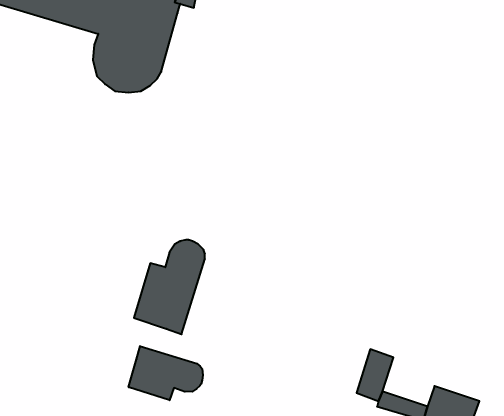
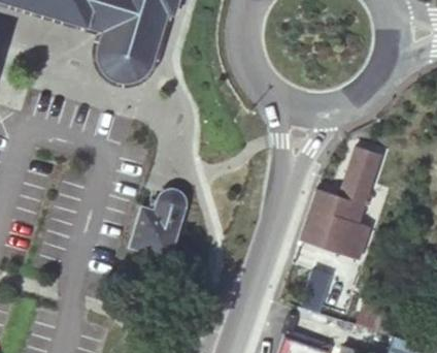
building: none -> [301,151,381,259]
building: [129,346,203,400] -> none

